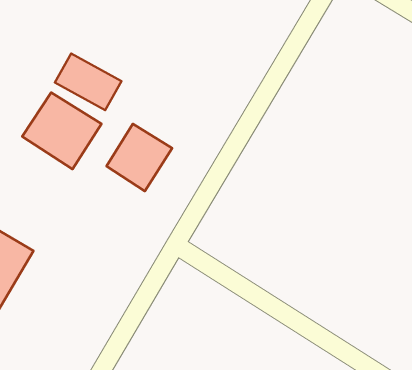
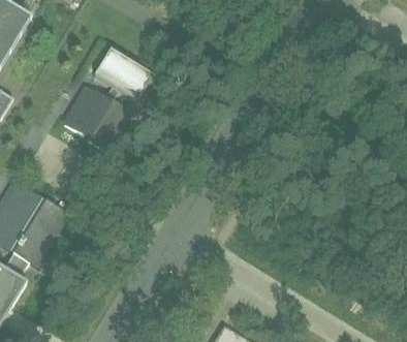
building: [106,124,172,191] -> none

